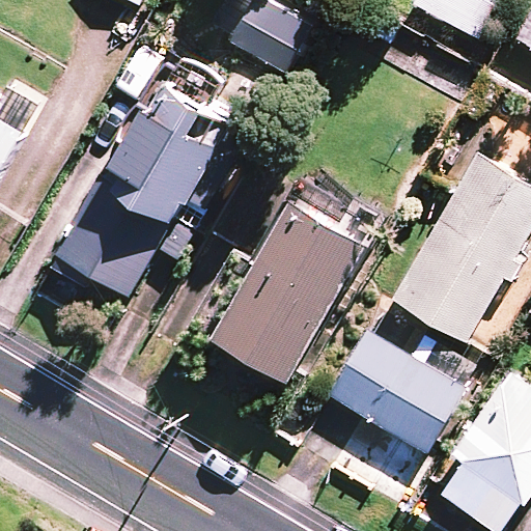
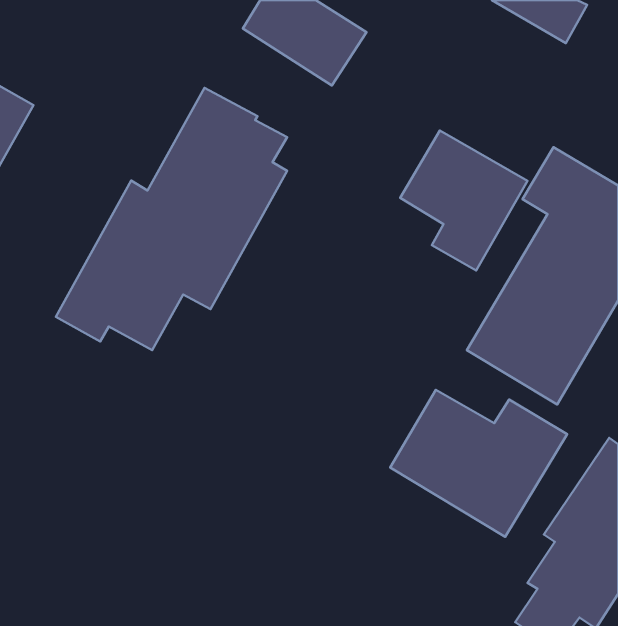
building: none -> [400,130,528,271]
building: [212,197,367,381] -> none

